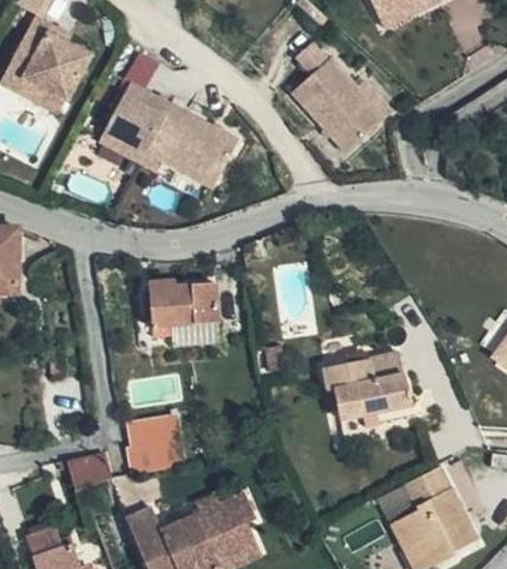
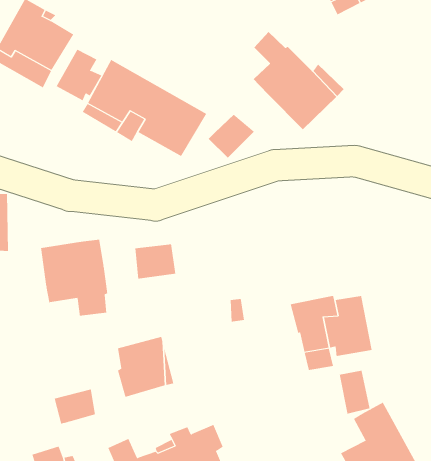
building: none -> [56,49,102,101]
building: none -> [208,114,255,158]
building: none -> [40,239,108,316]
building: none -> [339,370,370,415]

